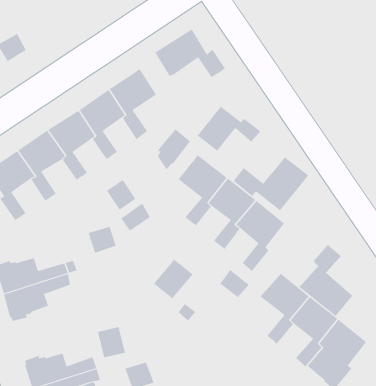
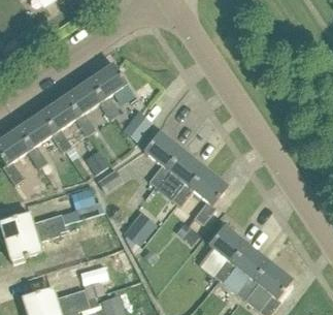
building: [154,29,226,78] -> none
building: [197,106,261,152] -> none
building: [233,156,309,211] -> none
building: [299,244,353,317] -> none

